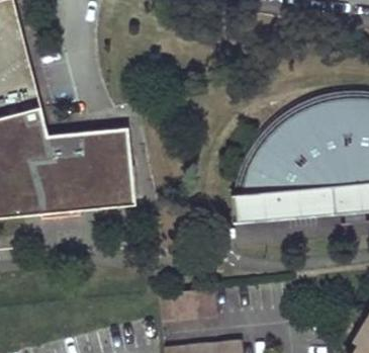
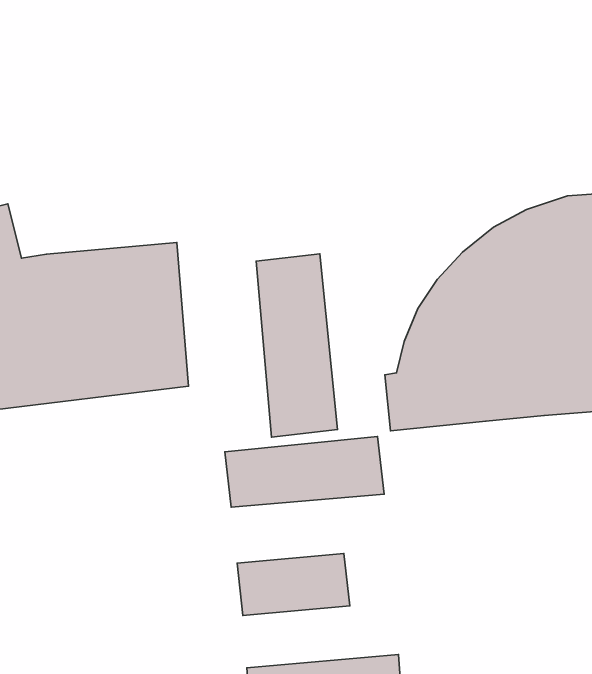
building: none -> [256,254,338,437]
building: none -> [225,437,384,507]

